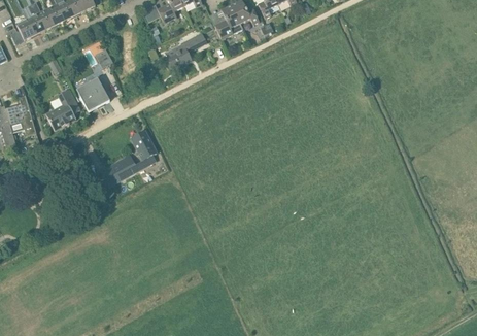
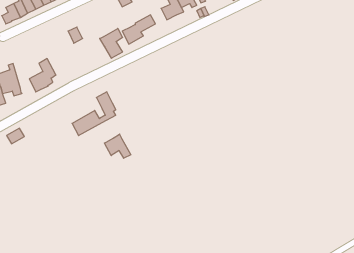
building: none -> [100,28,123,58]
building: [78,74,109,110] -> none
building: none -> [104,134,131,158]

